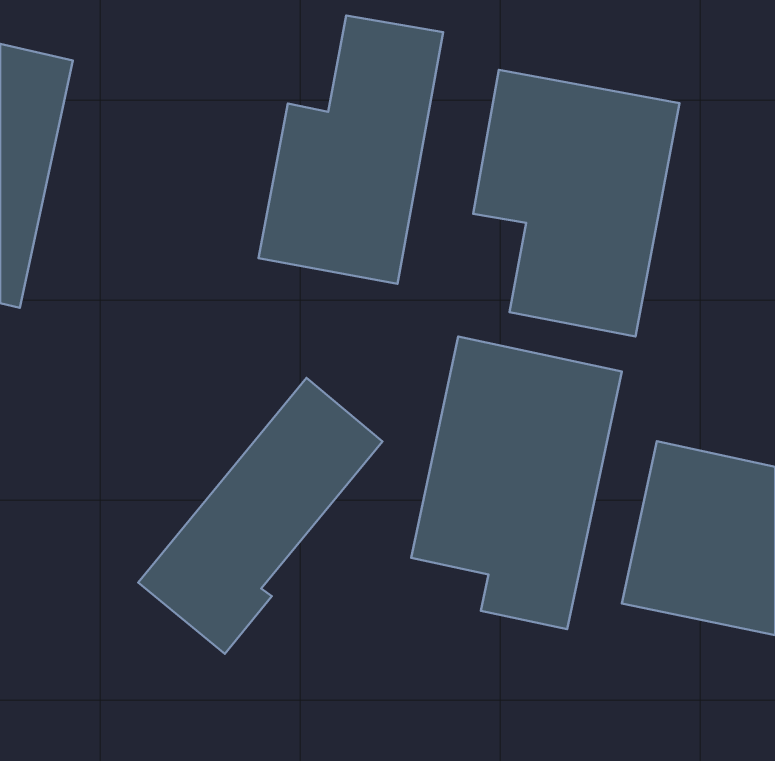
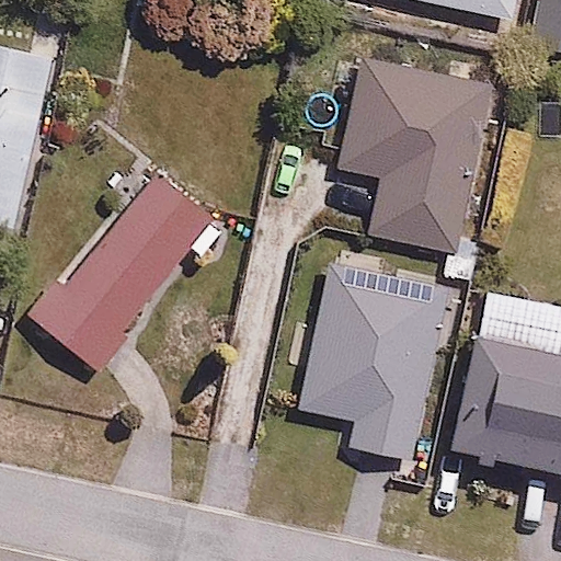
building: [258,15,443,284] -> none
building: [138,378,382,654] -> [33,176,209,376]

